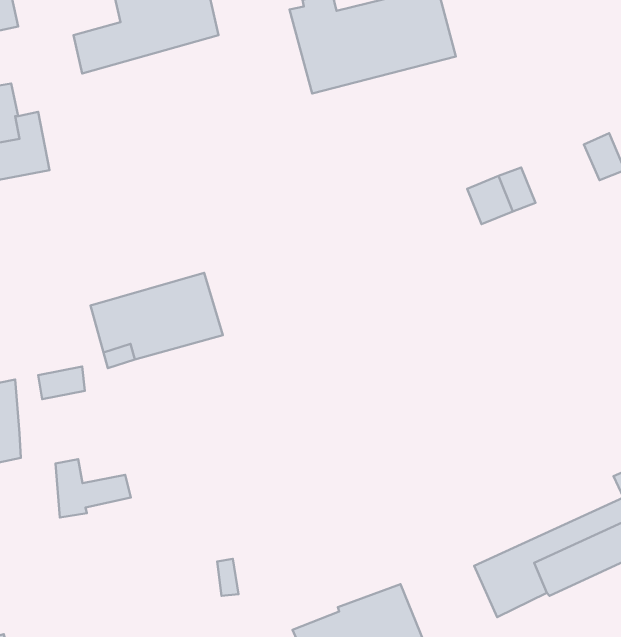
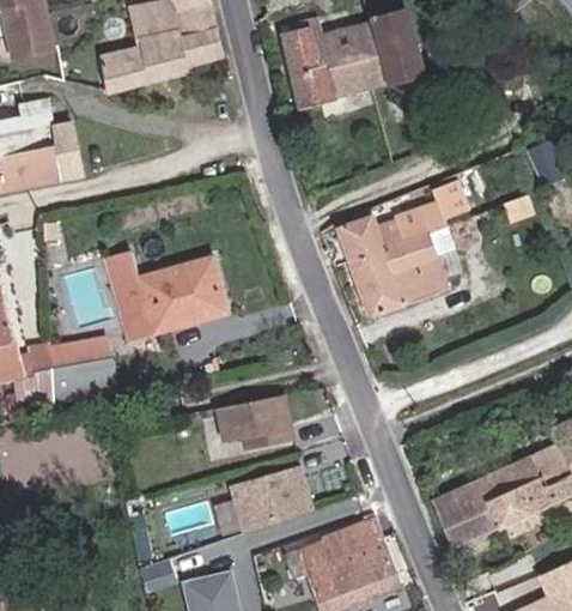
building: none -> [336,210,455,313]
building: none -> [223,394,293,447]
building: [56,459,131,517] -> [49,344,112,393]
building: none -> [229,460,310,527]

